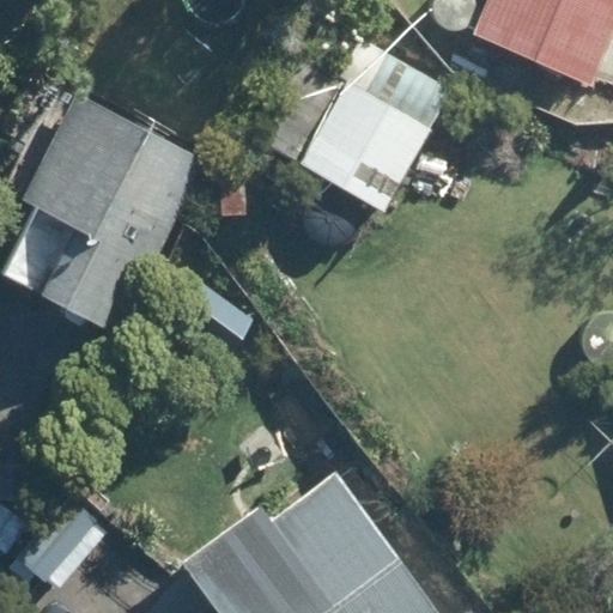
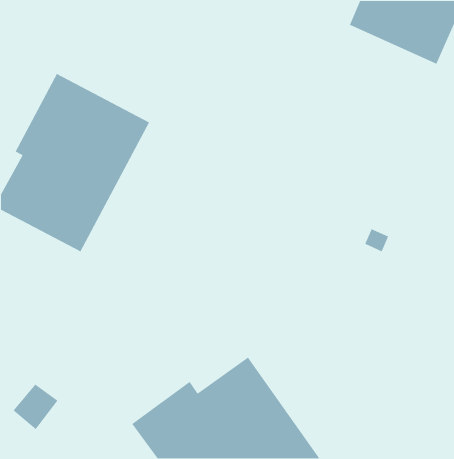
building: [261,43,453,212] -> none

